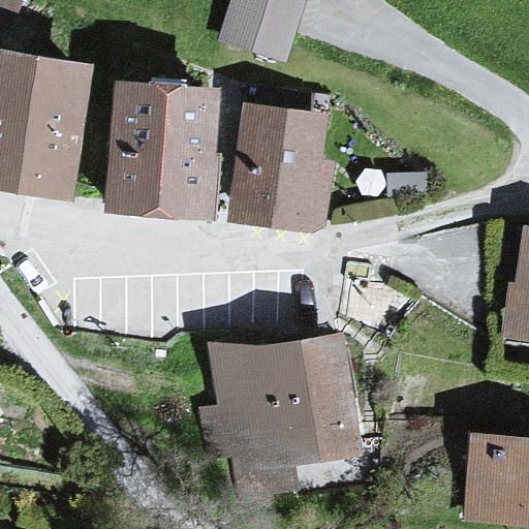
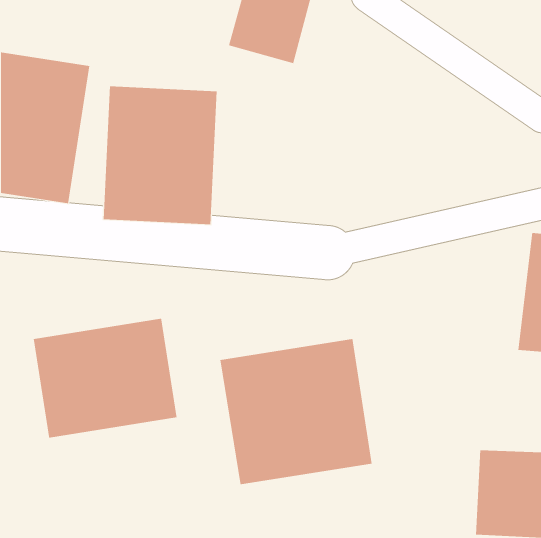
building: [231,105,332,230] -> none
building: none -> [33,318,177,438]

